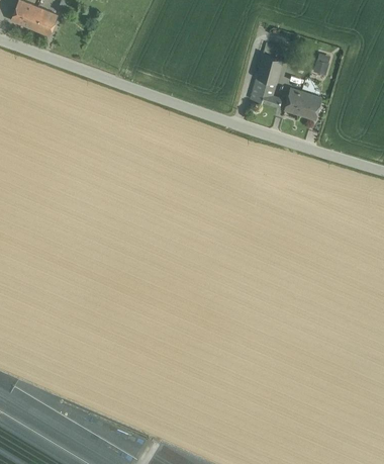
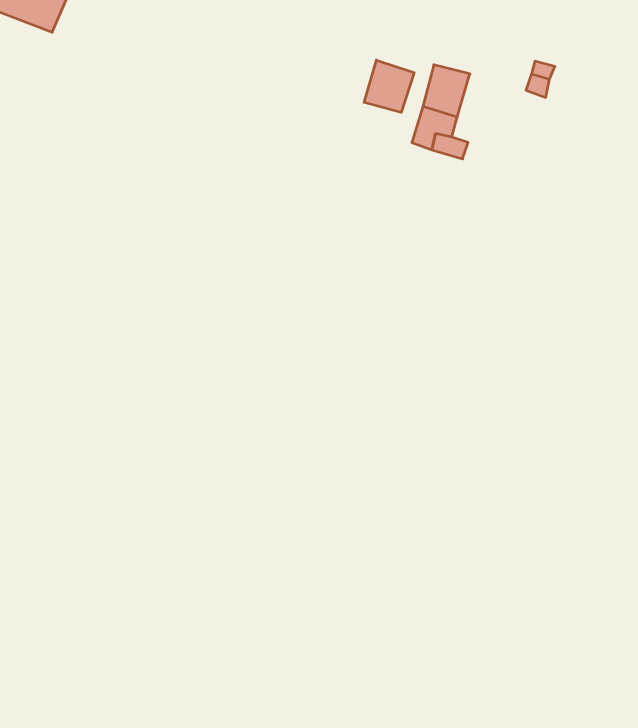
building: none -> [364,60,414,112]
building: [285,88,321,118] -> none

